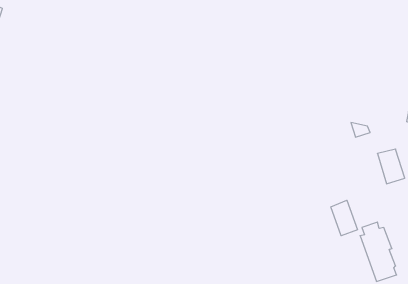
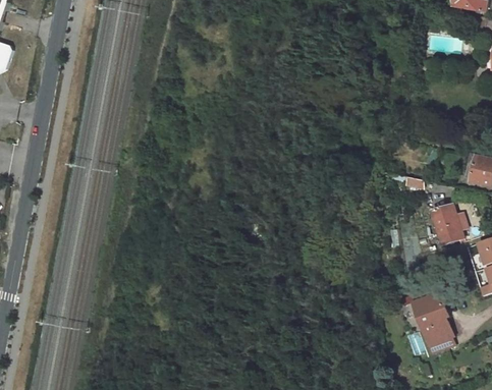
building: [331,200,358,236] -> none

